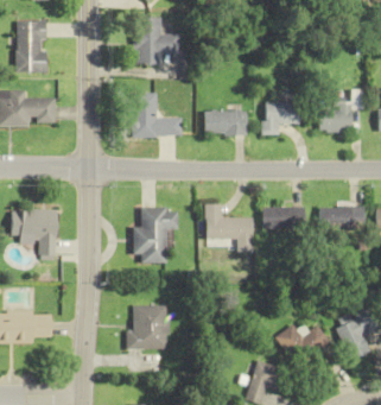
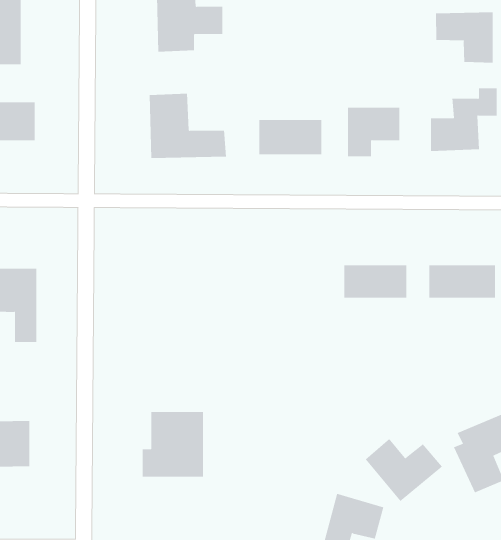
building: none -> [435,12,493,64]
building: [203,203,252,252] -> none
building: [132,208,176,264] -> none

